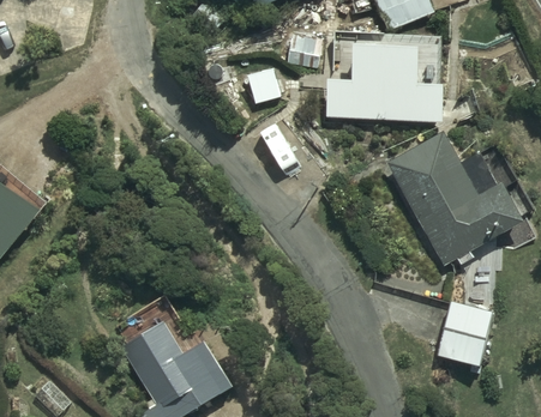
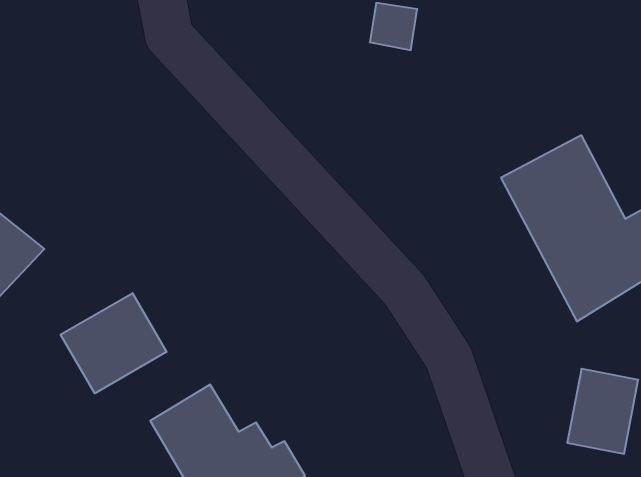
building: [326,32,445,122] -> none
building: none -> [61,293,167,393]

